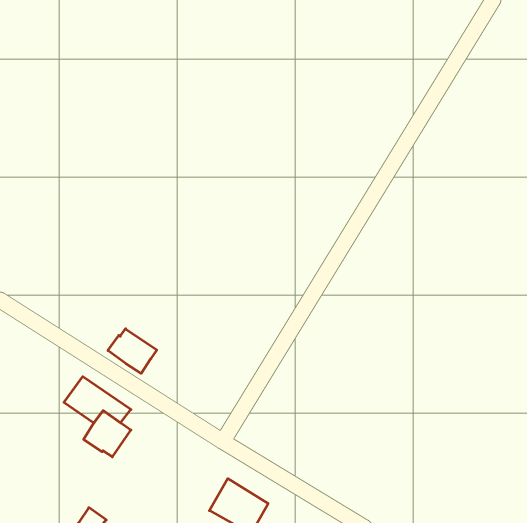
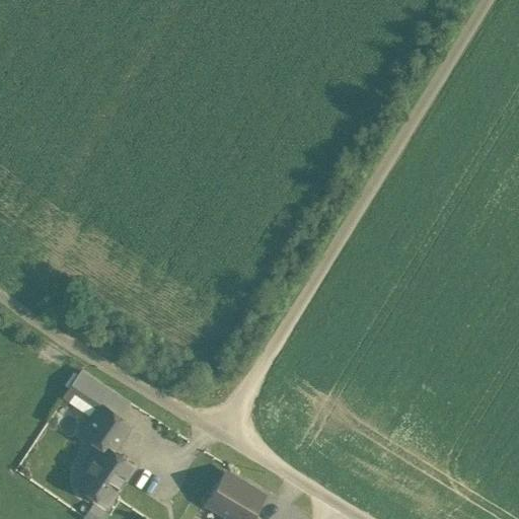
building: [108,329,157,373] -> none
building: none -> [75,447,132,507]

